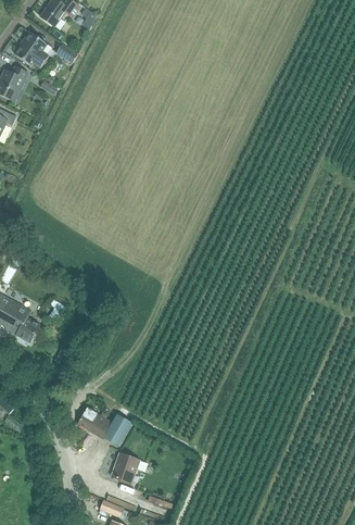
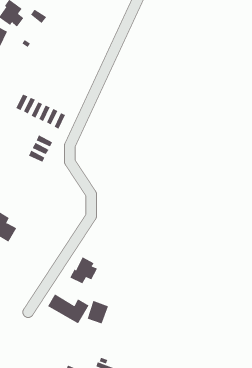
building: none -> [69,256,98,284]
building: [111,452,139,483] -> [87,300,109,324]

